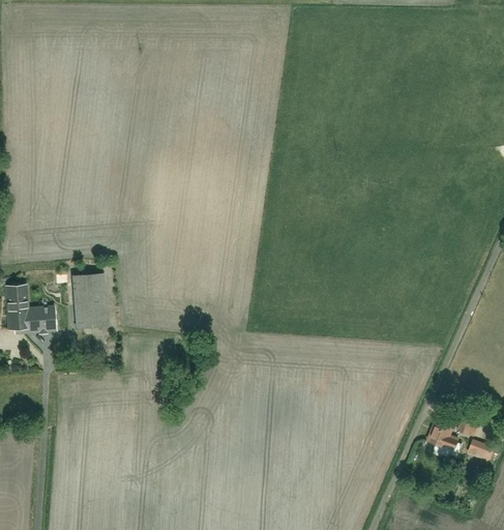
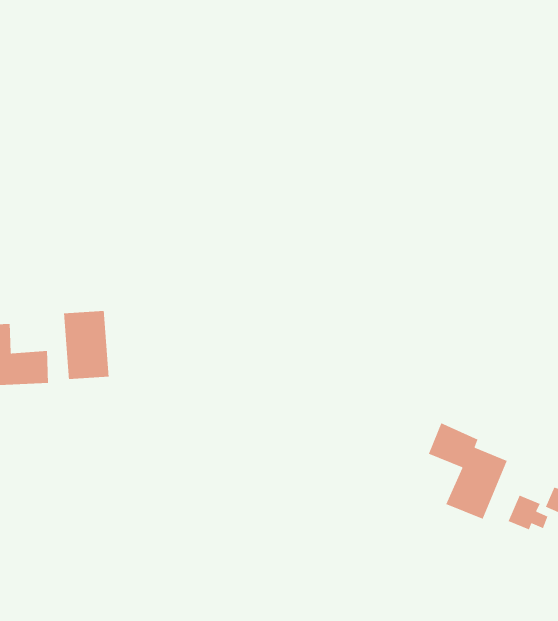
building: none -> [428,422,508,520]

